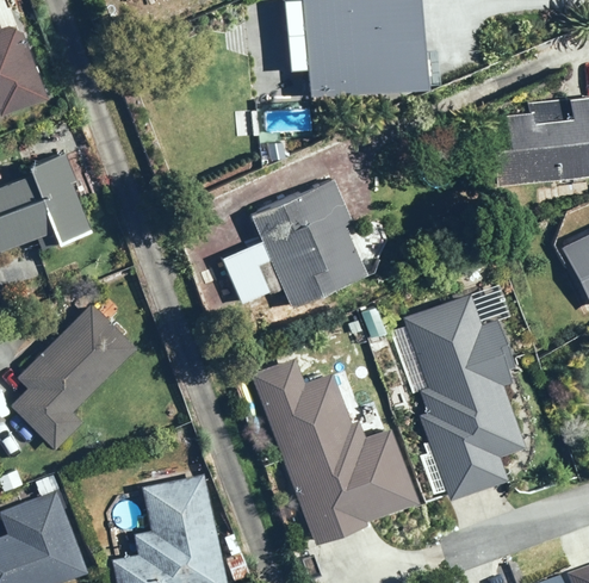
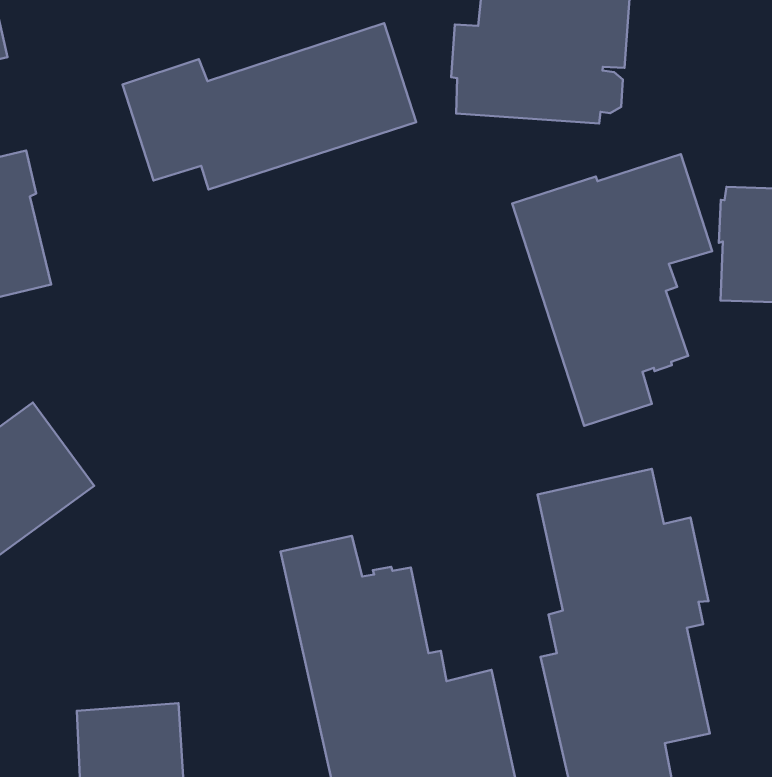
building: none -> [122,23,416,190]
building: none -> [512,154,712,426]
building: [219,176,367,308] -> none

